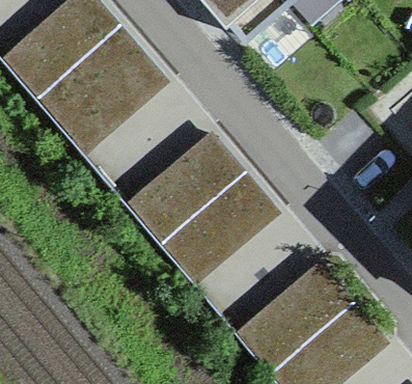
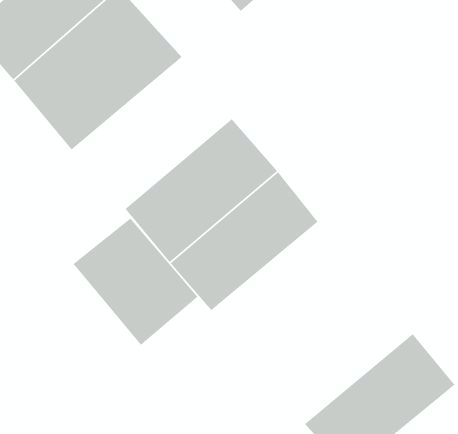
building: none -> [73,217,199,346]
building: [236,259,357,374] -> none

